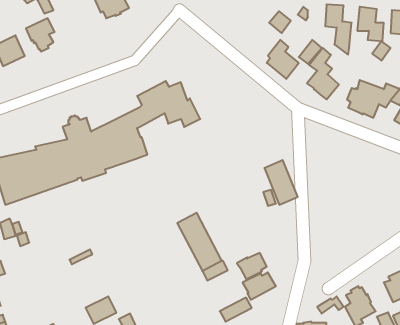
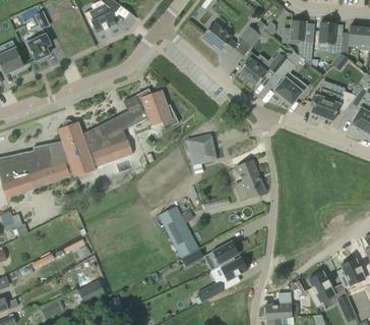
building: none -> [201,24,237,53]
building: none -> [185,133,217,166]

